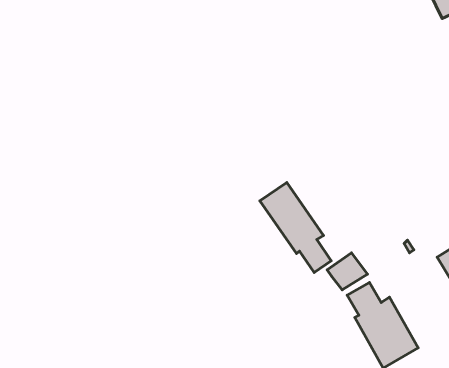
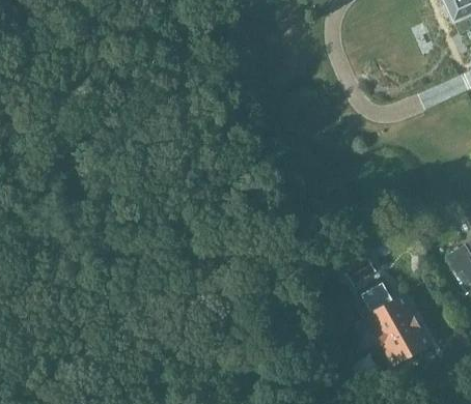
building: [260,182,331,272] -> none

